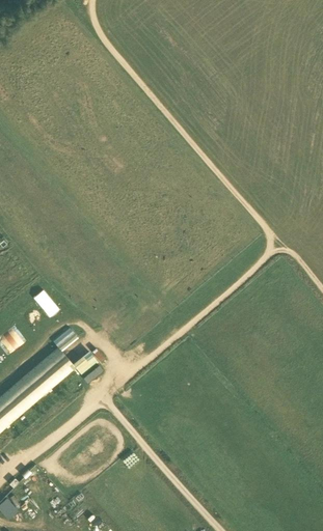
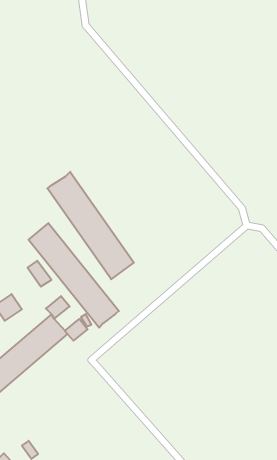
building: none -> [47,172,134,279]
building: none -> [29,223,119,328]

